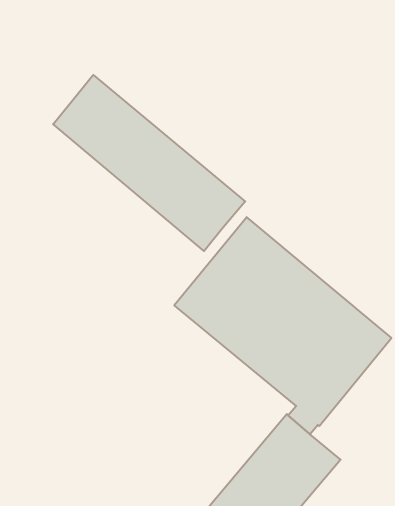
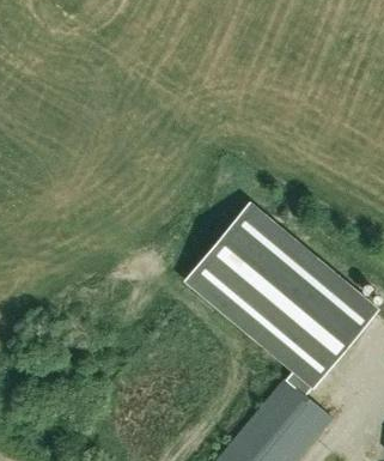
building: [53,75,245,251] -> none

